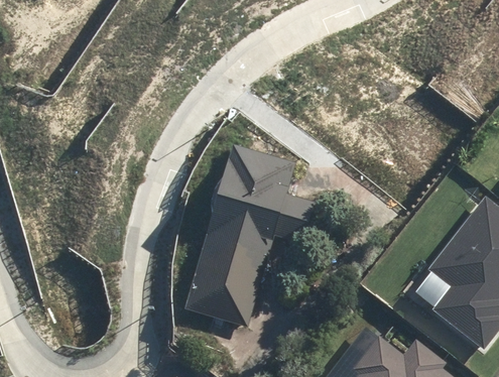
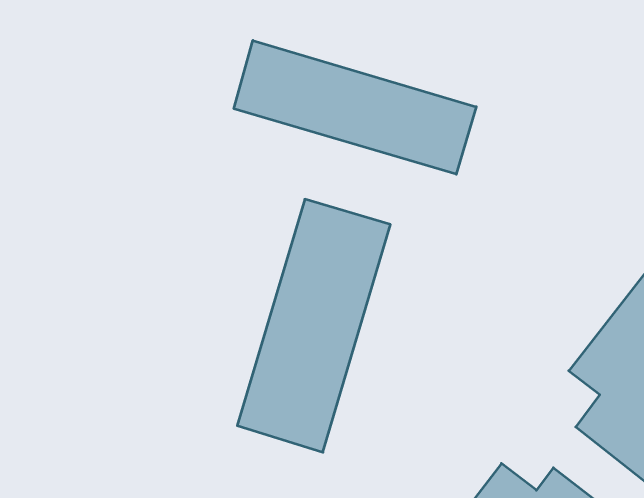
building: none -> [234,40,476,174]

